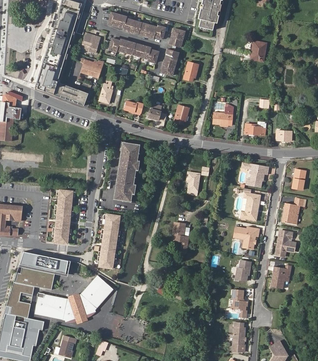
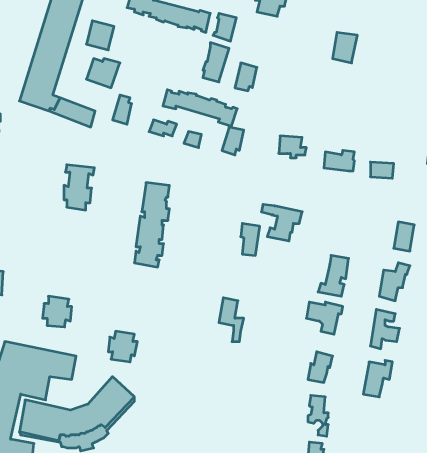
building: [109,37,160,62] -> [163,90,237,126]
building: [242,162,270,187] -> [261,204,302,241]
building: [54,189,75,220] -> [64,165,94,210]
building: [99,212,121,244] -> none

